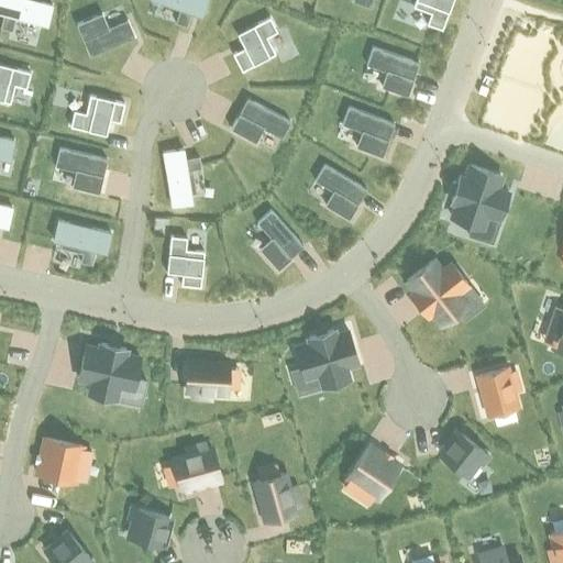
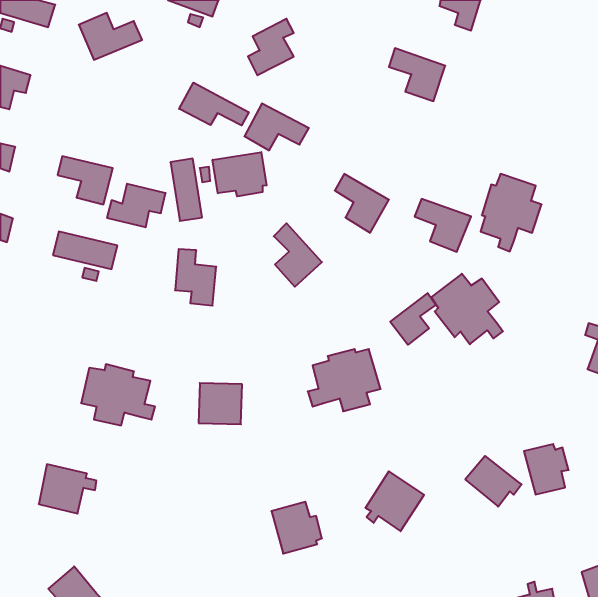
building: none -> [179,83,249,125]
building: [70,97,125,137] -> [107,184,166,227]
building: [342,109,395,158] -> [415,199,471,252]
building: none -> [213,152,267,196]
building: none -> [390,293,436,345]
building: [478,368,520,416] -> [524,444,569,495]
building: [167,449,223,490] -> none
building: [131,507,170,548] -> none

